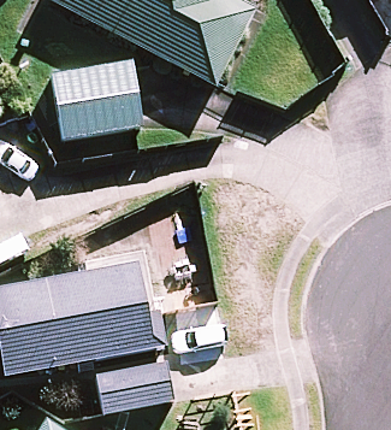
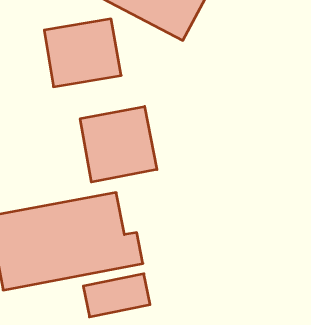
building: none -> [80,106,157,182]

